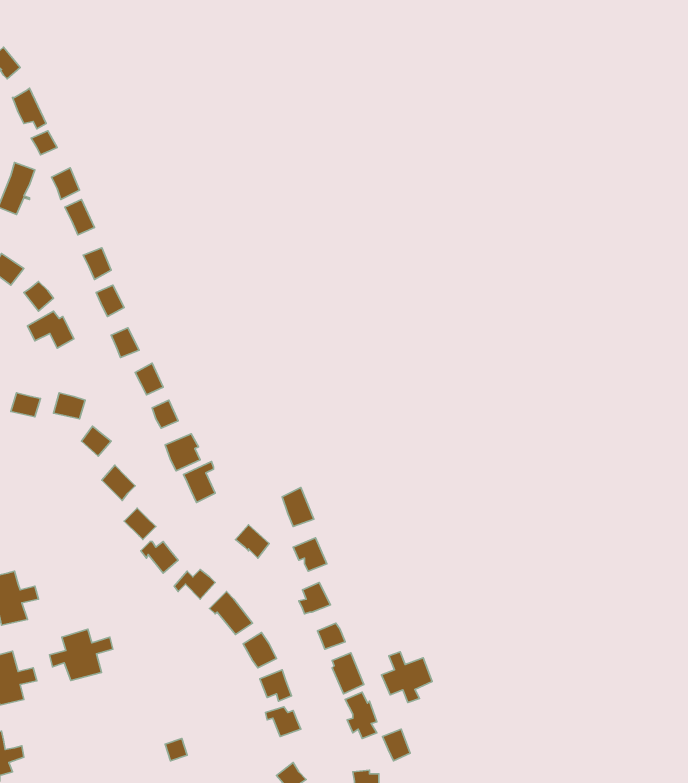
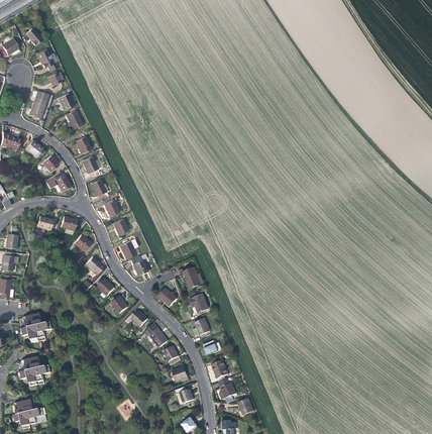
building: [50,629,113,681] -> none
building: [382,652,432,702] -> none

